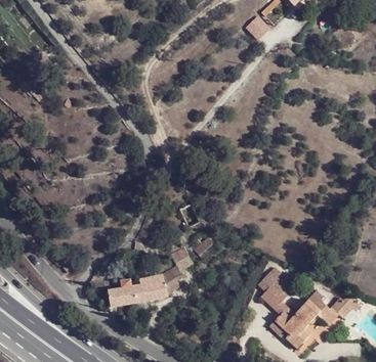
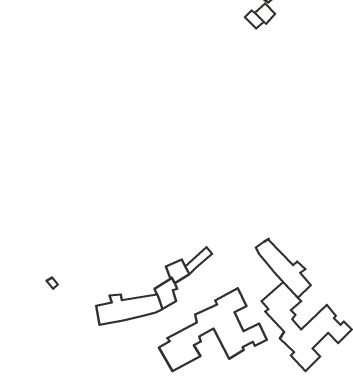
building: none -> [256,239,311,298]
building: none -> [159,288,267,371]

